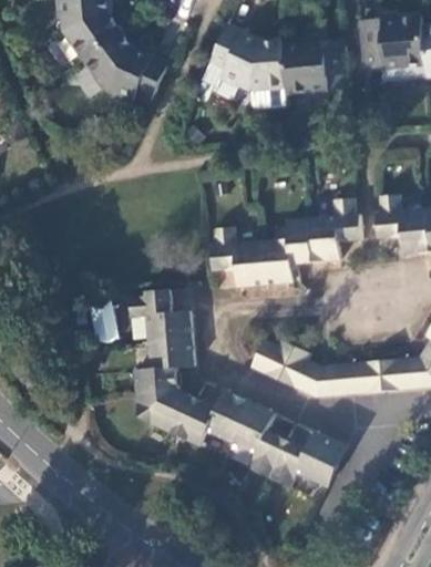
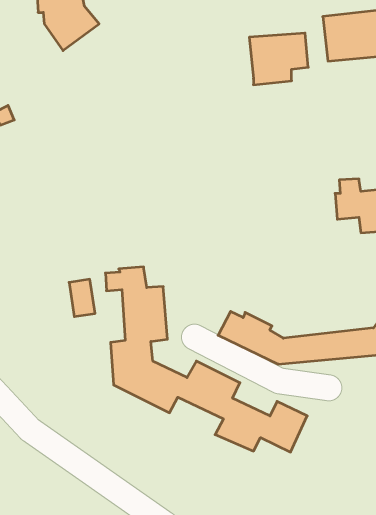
building: [201,28,288,106] -> none
building: [83,30,170,103] -> none
building: [211,199,362,287] -> none

